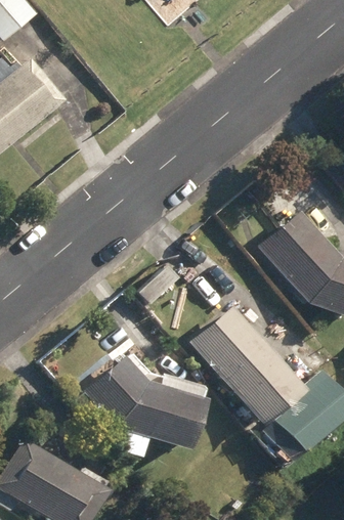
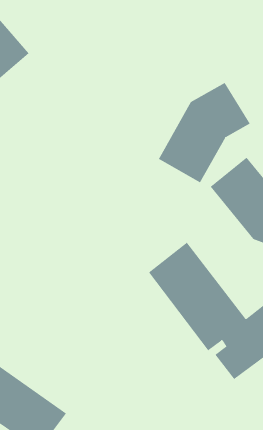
building: none -> [158,82,250,183]
building: [87,357,203,450] -> none

